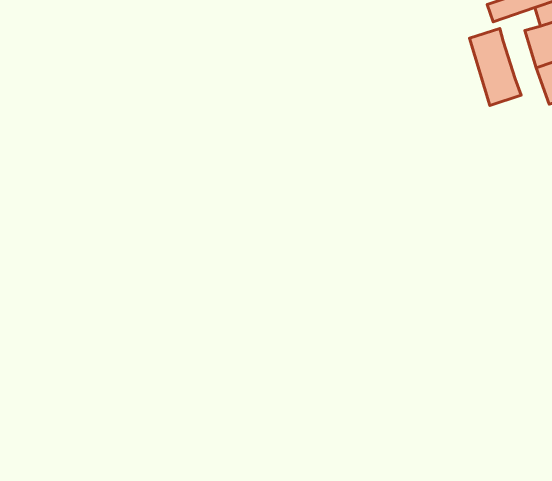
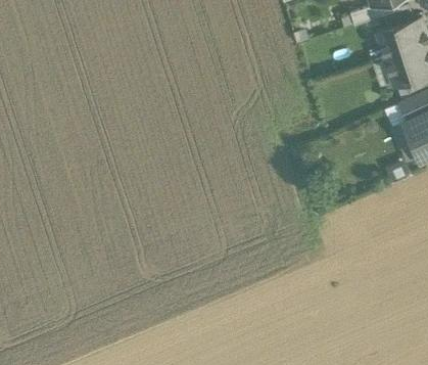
building: [470,29,521,106] -> none

